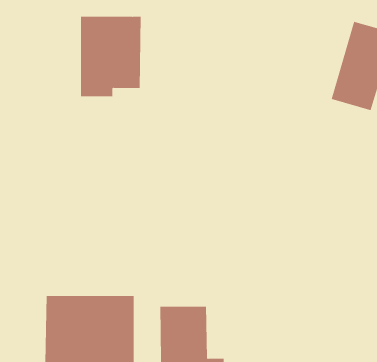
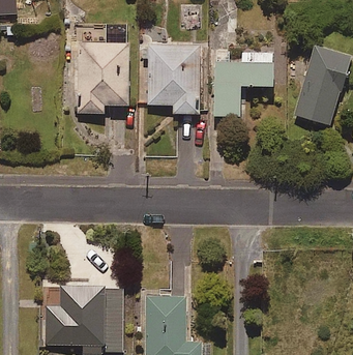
building: none -> [147,43,199,114]
building: none -> [213,51,272,116]

